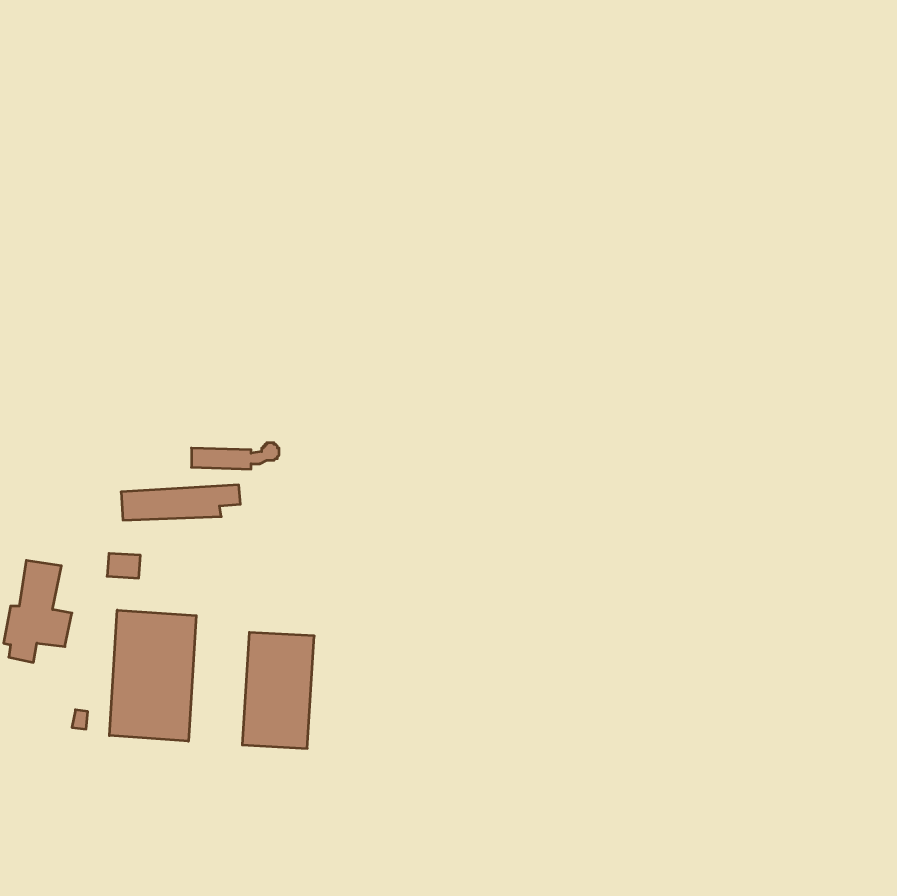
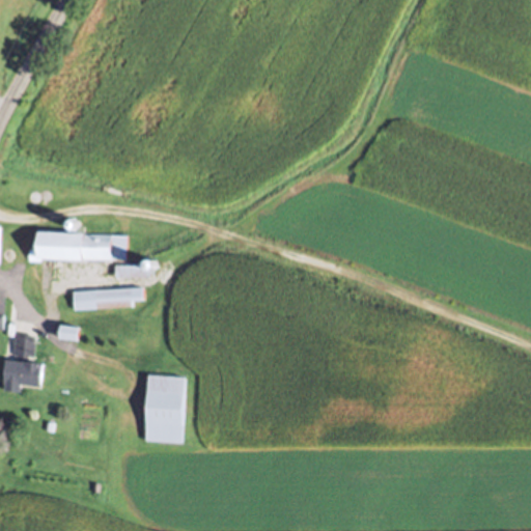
building: none -> [27,220,127,261]
building: [109,610,196,741] -> none

